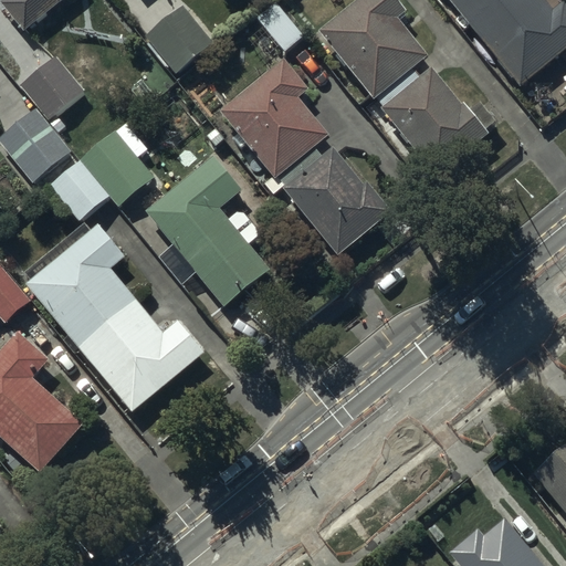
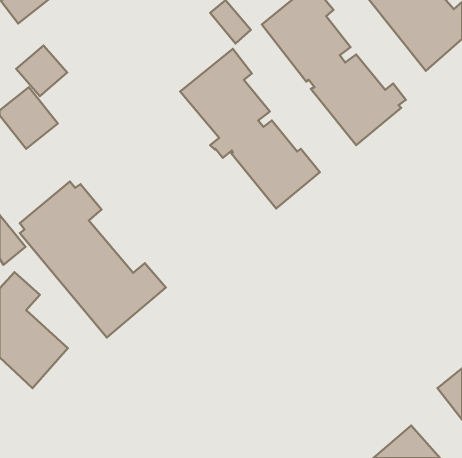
building: [145,4,212,72] -> none
building: [49,122,154,221] -> none
building: [146,156,270,306] -> none

